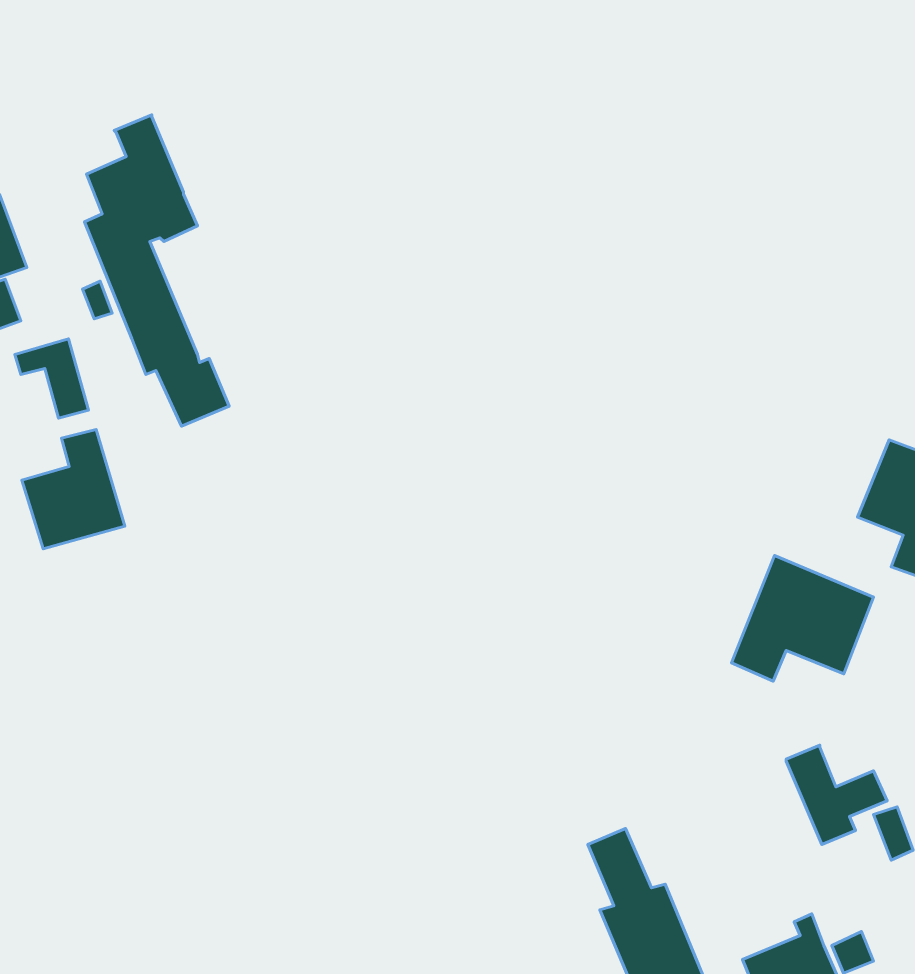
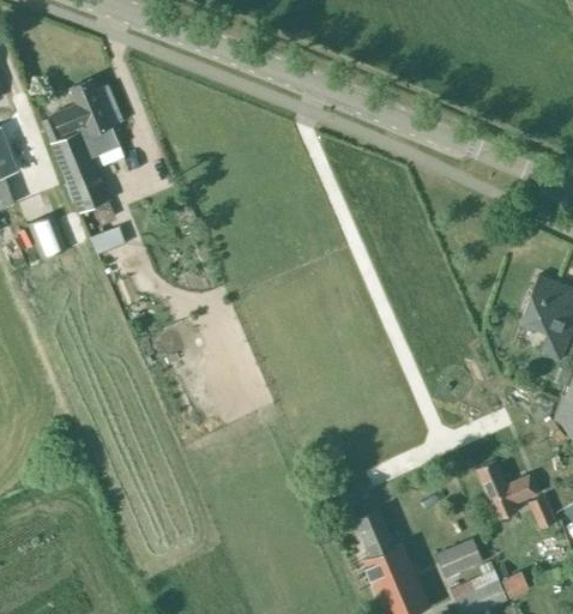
building: [22,429,125,549] -> none
building: [731,556,874,681] -> none
building: none -> [436,540,482,579]

